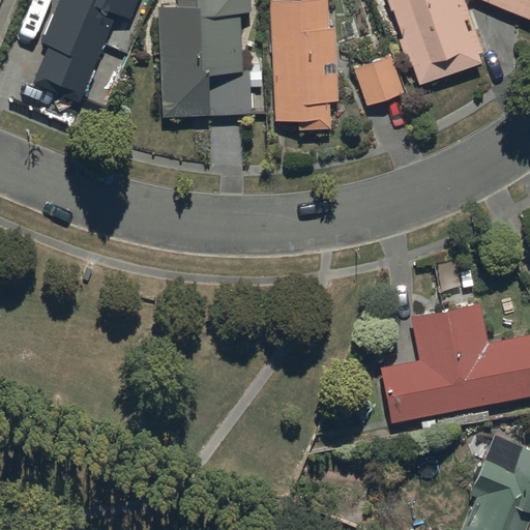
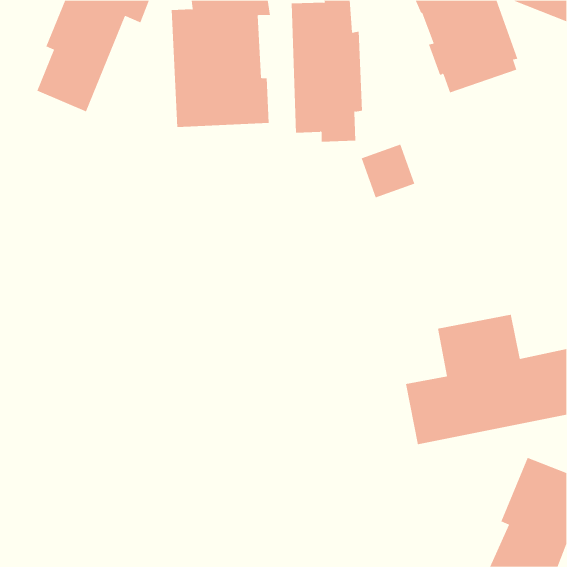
building: [354,57,405,108] -> [361,144,415,198]

